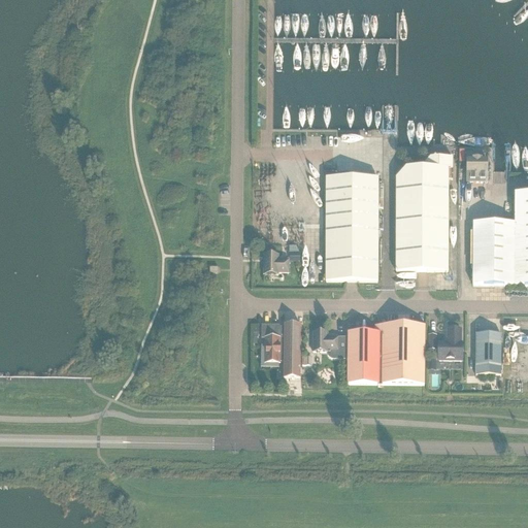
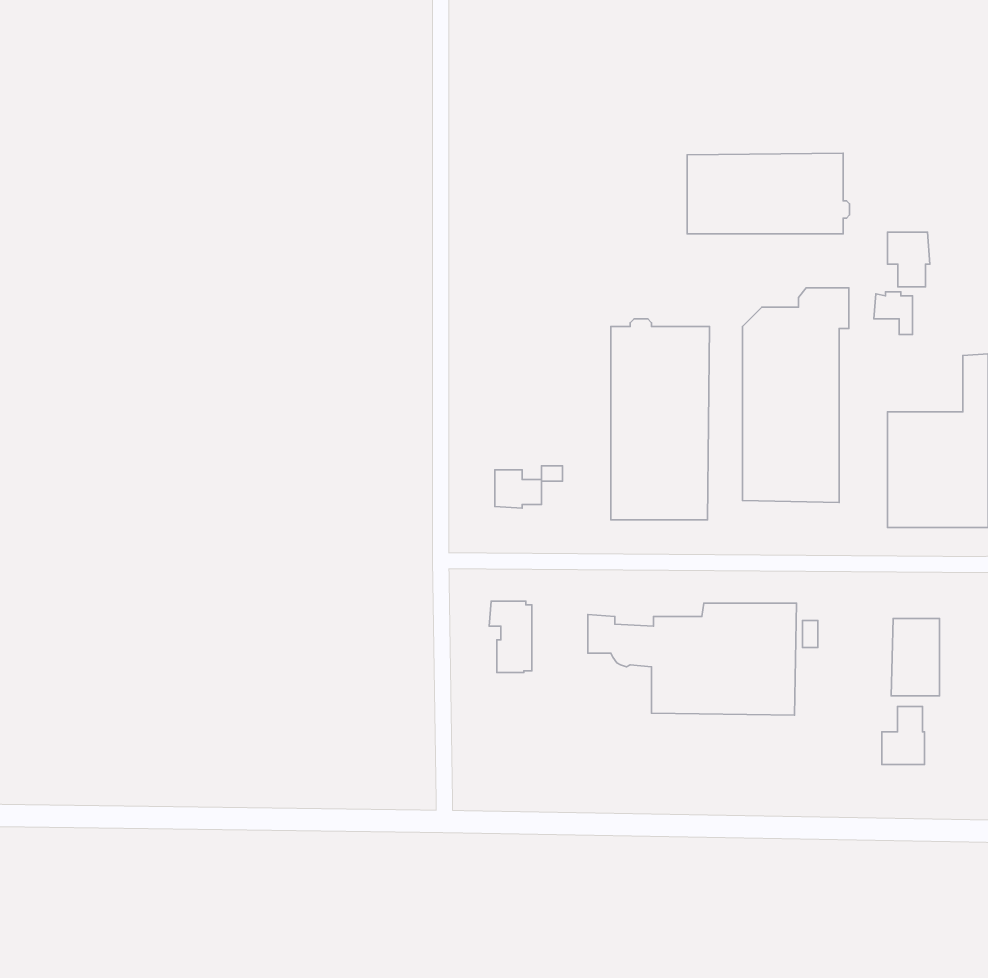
building: none -> [687,153,850,234]
building: none -> [887,232,930,287]
building: [284,321,300,374] -> none
building: [439,326,462,357] -> [882,707,924,765]

